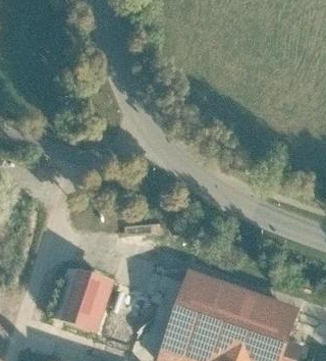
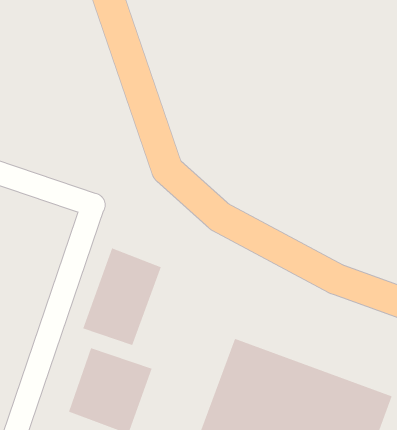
building: none -> [82,248,162,346]

